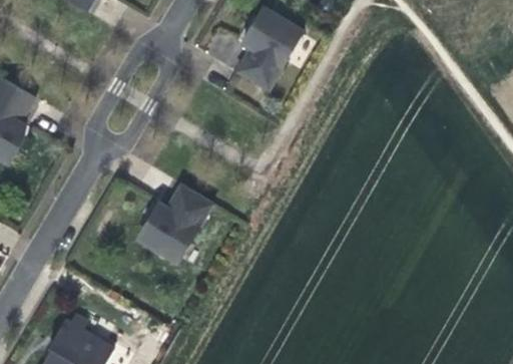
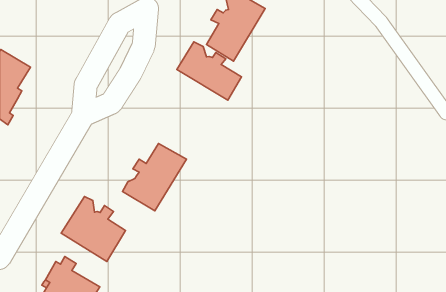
building: none -> [177,42,241,100]
building: none -> [61,196,126,261]

